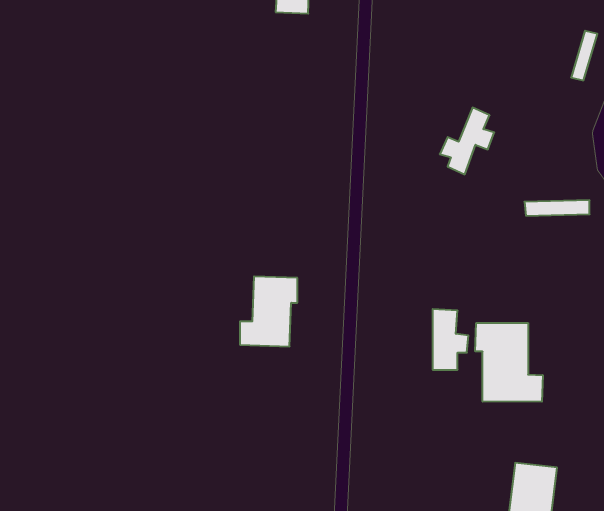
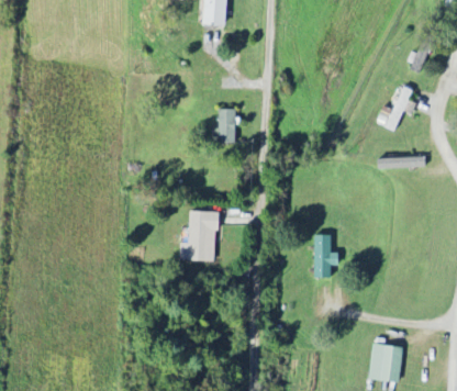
building: [440,108,494,174] -> [377,85,415,132]
building: none -> [218,109,236,143]
building: [475,323,543,402] -> none

